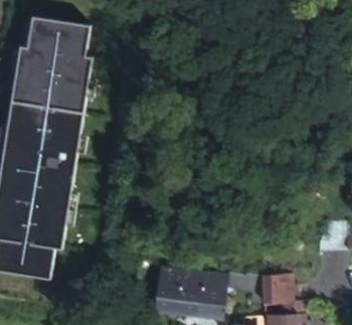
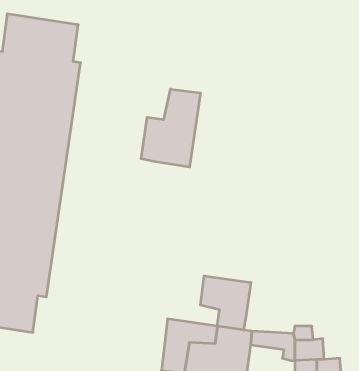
building: none -> [141,89,200,167]
building: none -> [200,276,251,330]

